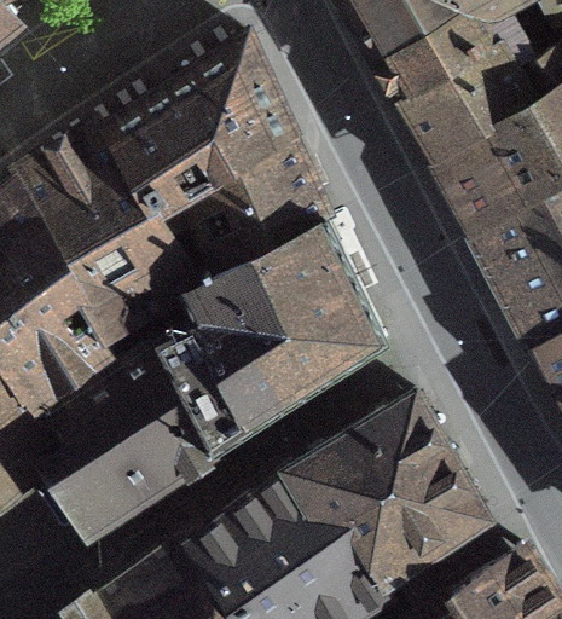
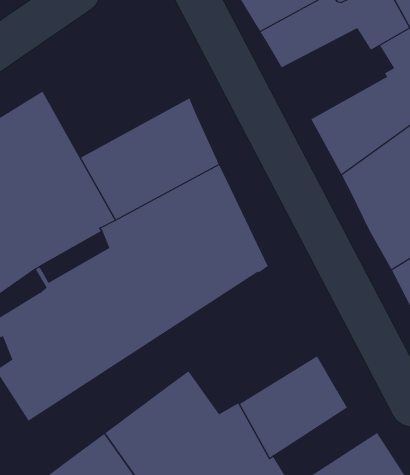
building: [106,41,288,213] -> none
building: [400,54,538,166] -> none
building: [286,398,445,528] -> none

